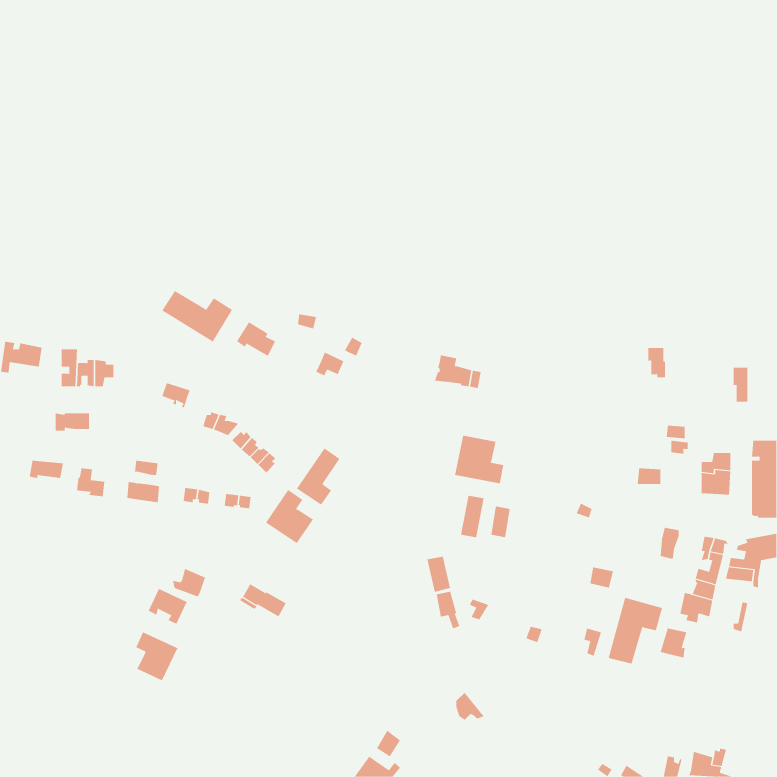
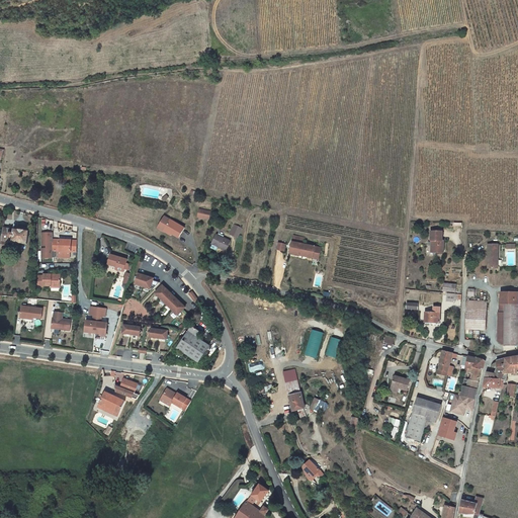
building: [161,290,233,342] -> none
building: [454,435,504,484] -> none
building: [296,447,340,506] -> none
building: [135,631,178,681] -> none

